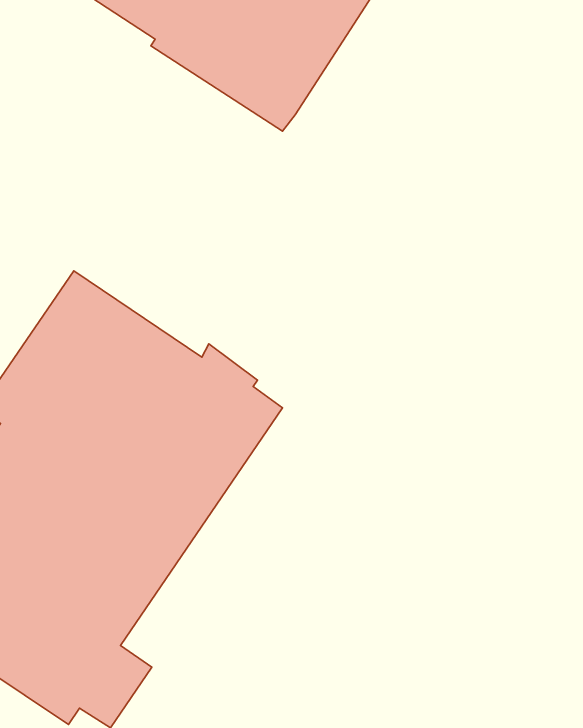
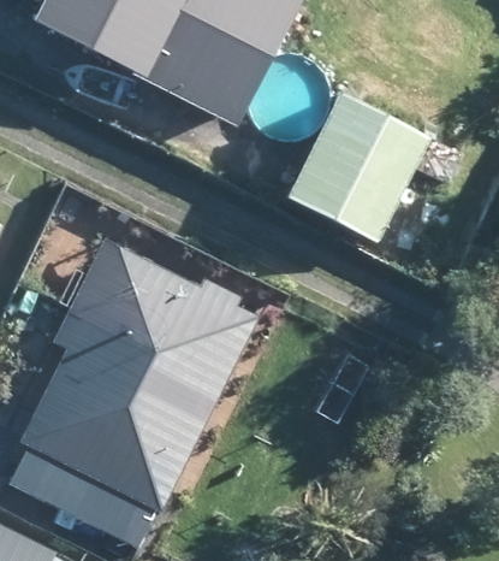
building: none -> [286,93,427,240]

